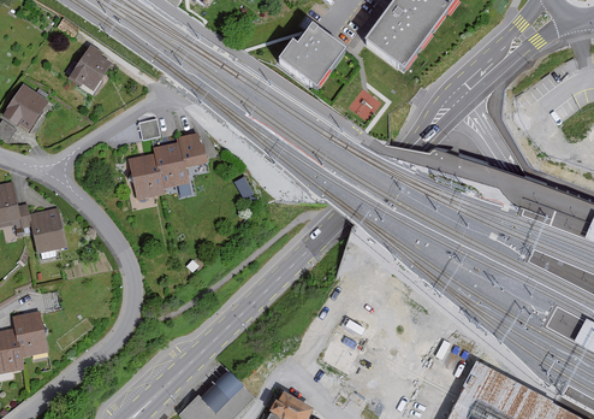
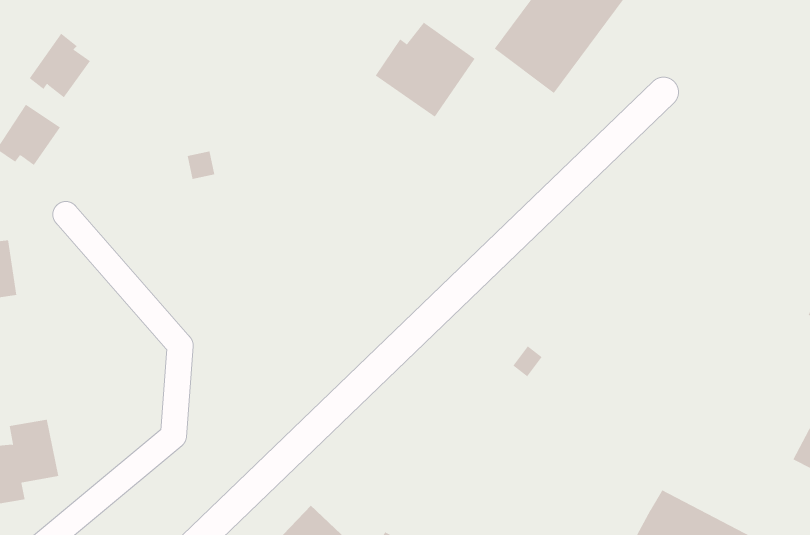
building: [69,45,113,92] -> [29,33,91,98]
building: [129,134,206,197] -> none
building: [19,205,65,253] -> none

